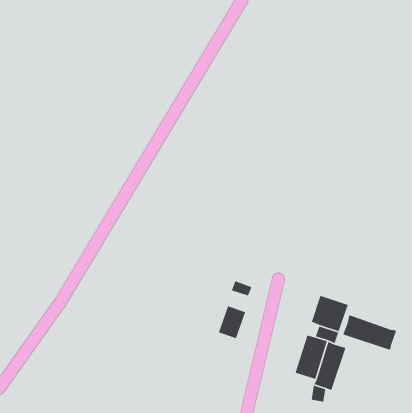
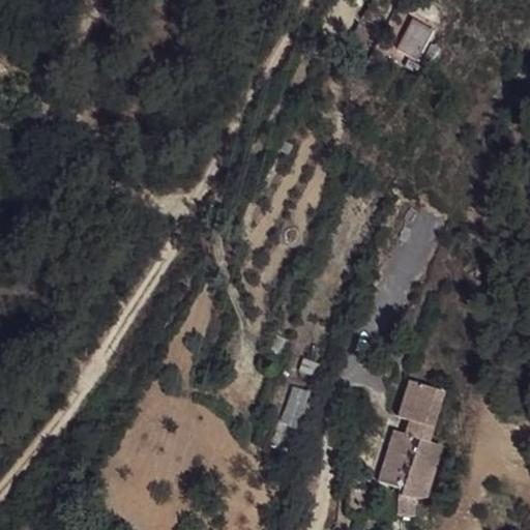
building: none -> [390,19,434,69]
building: [342,314,397,351] -> none

